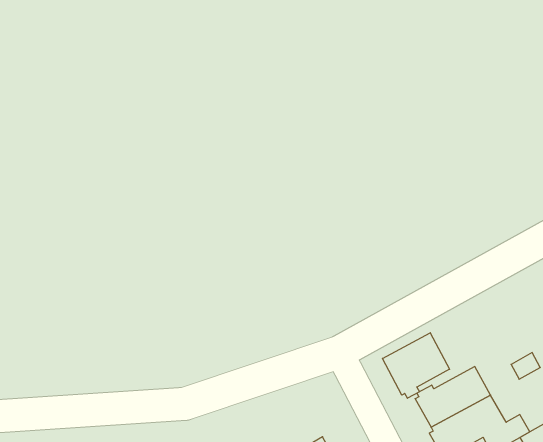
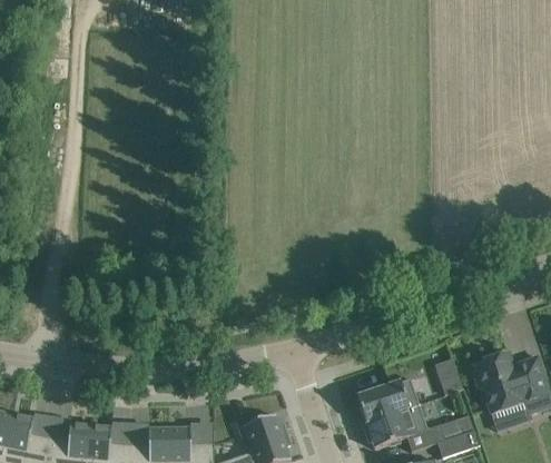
building: [382,333,450,398] -> none

